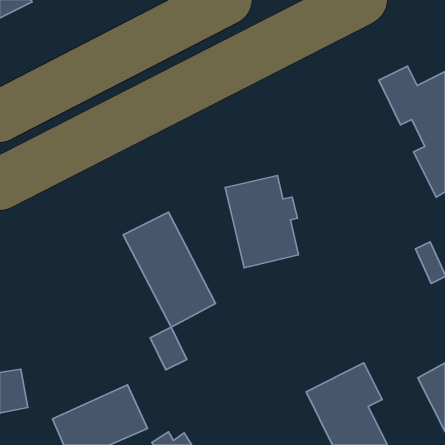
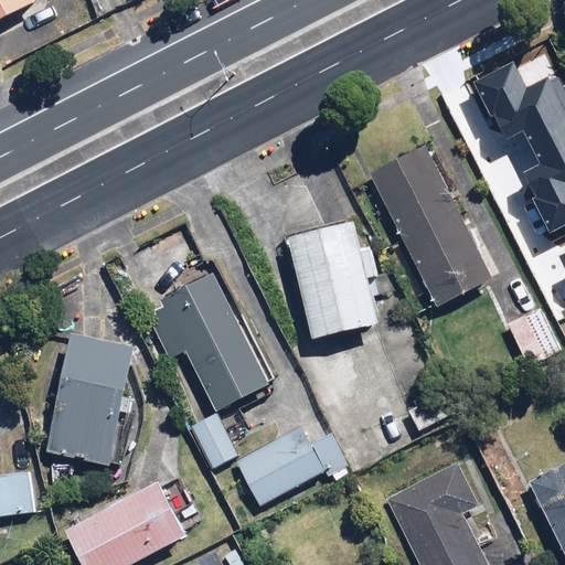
building: none -> [371,143,492,302]
building: none -> [44,331,135,467]
building: none -> [236,426,327,508]

